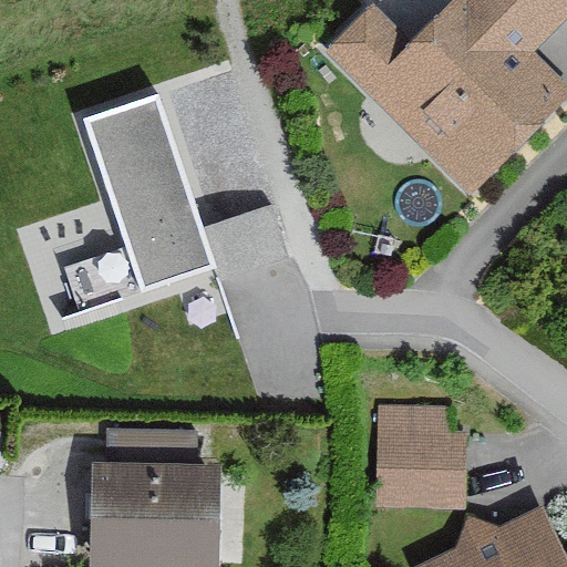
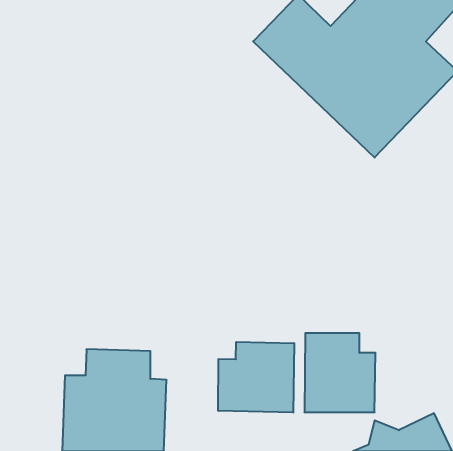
building: [73,93,295,309] -> none
building: none -> [218,342,294,413]

